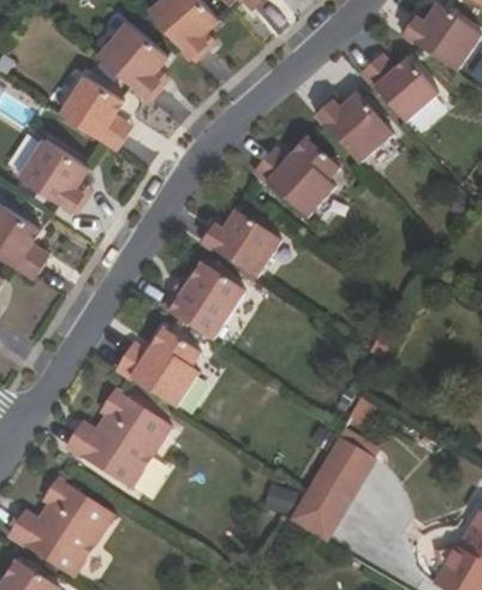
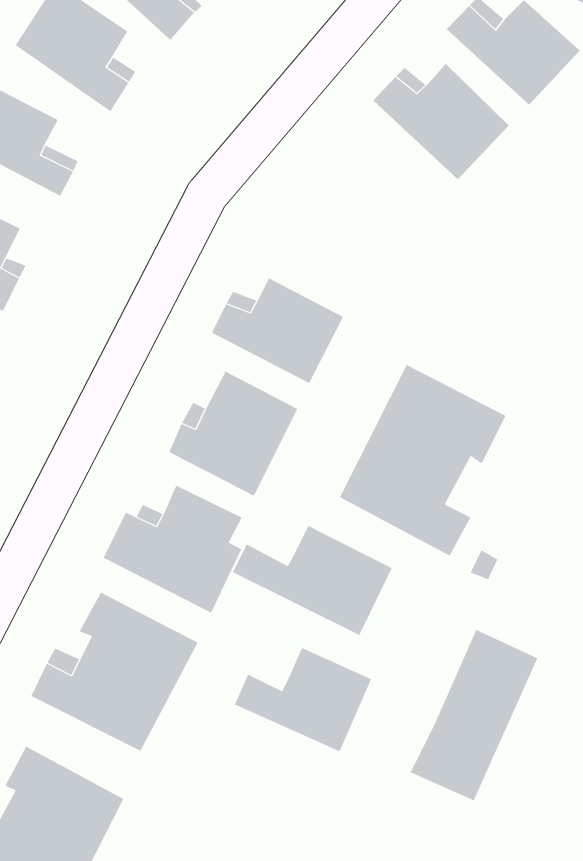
building: [252,136,338,215] -> none
building: none -> [339,364,506,557]
building: none -> [232,525,392,636]
building: none -> [234,647,372,752]

